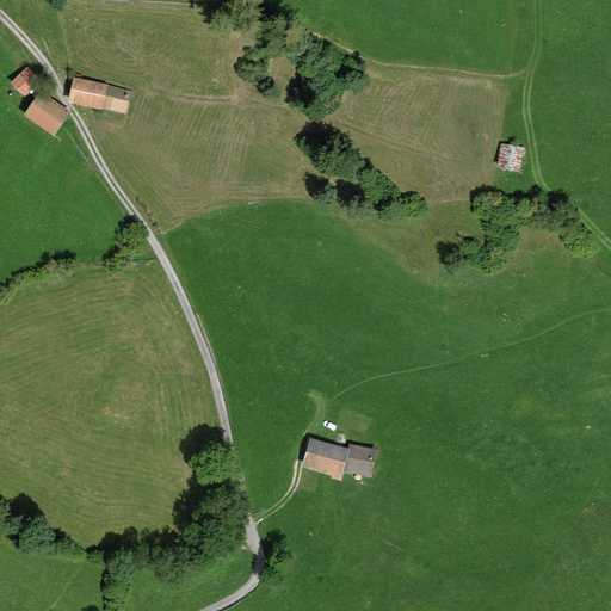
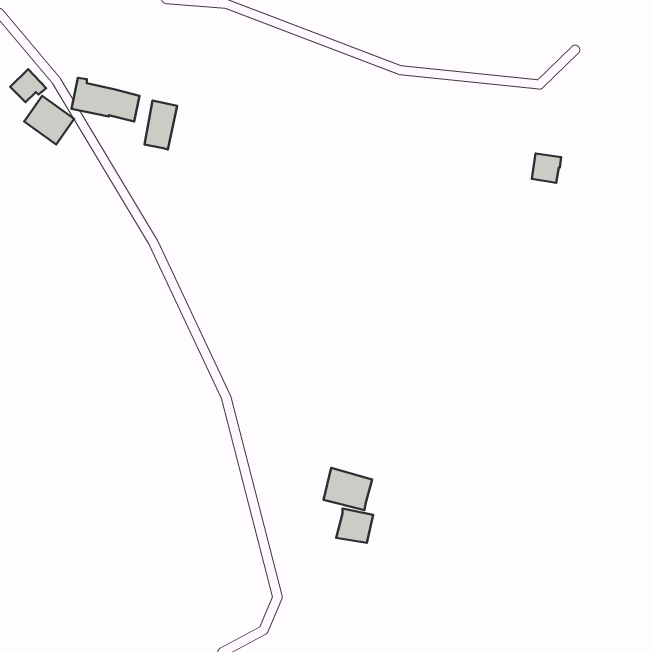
building: none -> [144,100,177,149]
building: [341,443,376,475] -> [336,508,373,543]

